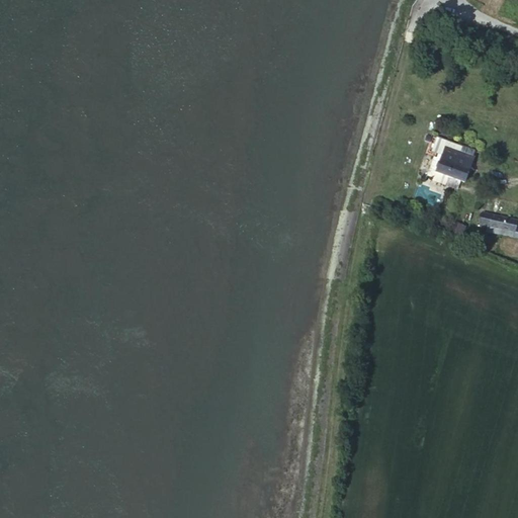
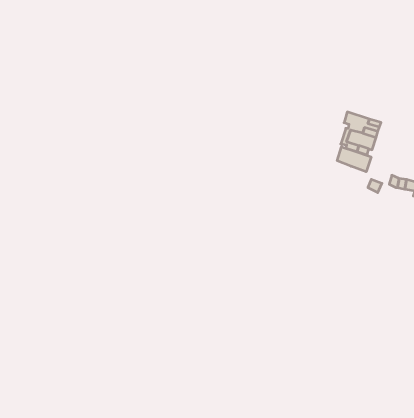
building: none -> [337,147,371,172]

